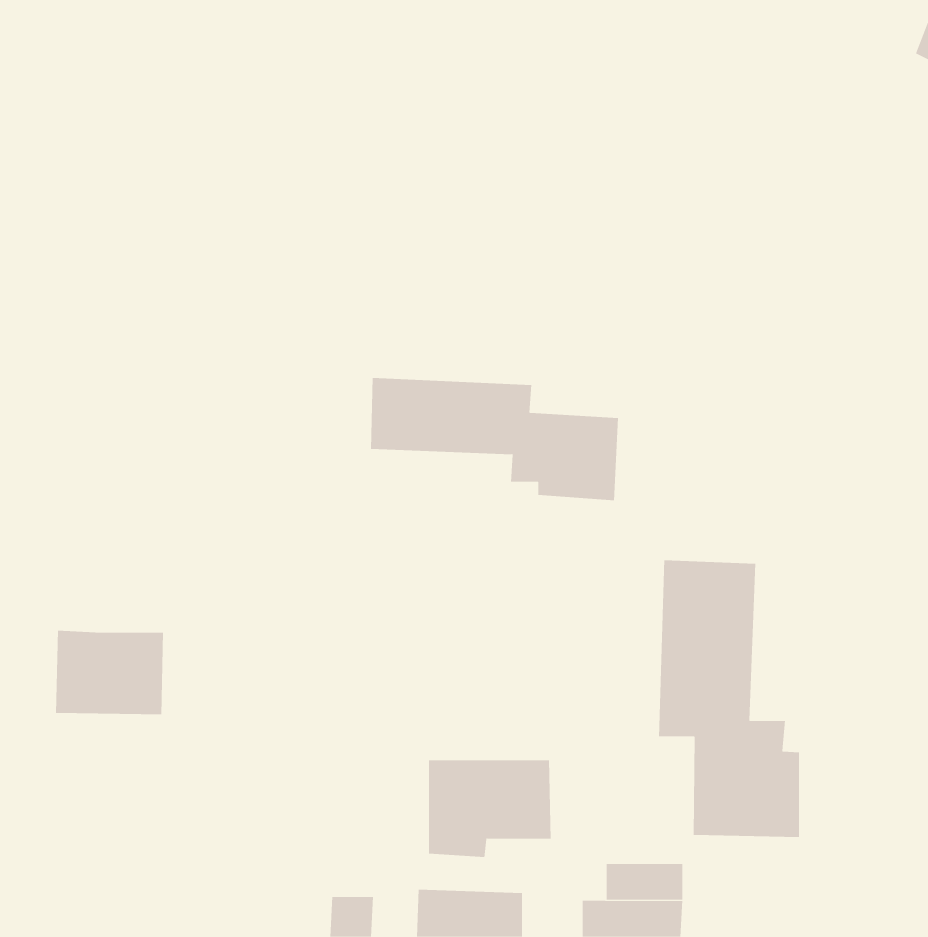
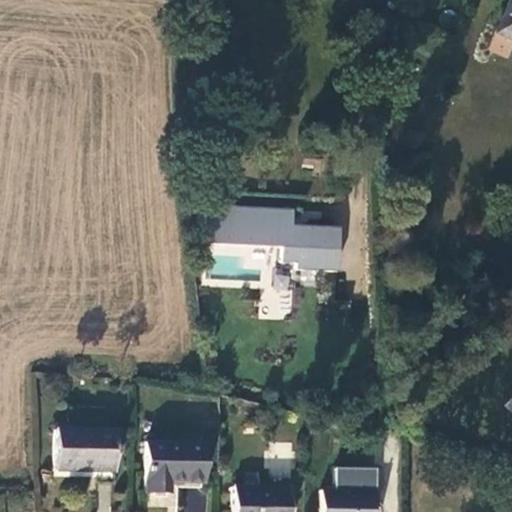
building: [659,559,799,838] -> none
building: [55,630,164,715] -> [59,426,118,472]
building: [428,760,552,857] -> [140,441,207,494]

